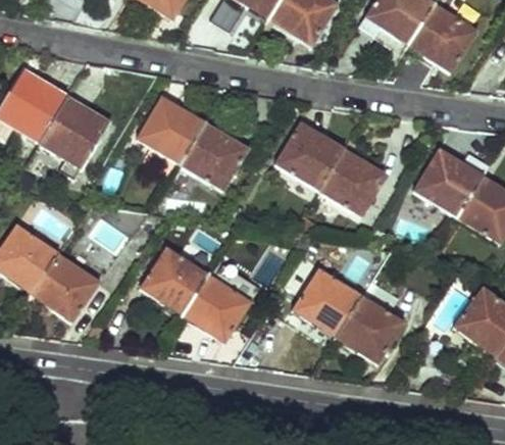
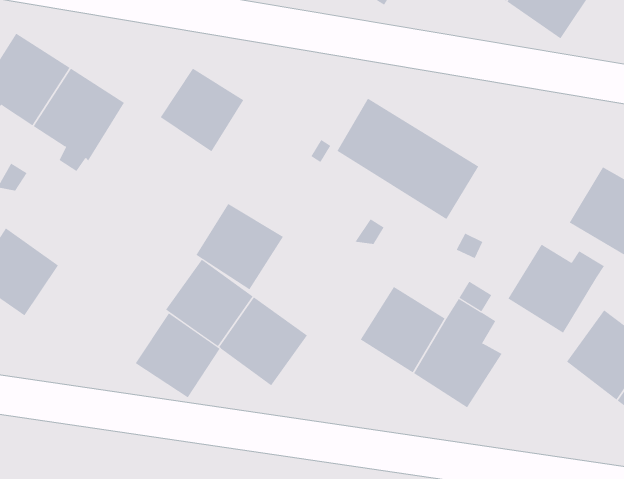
building: [176,121,246,190] -> [195,203,284,290]
building: [413,147,490,217] -> [508,244,605,334]
building: [30,251,97,318] -> [135,312,220,398]

